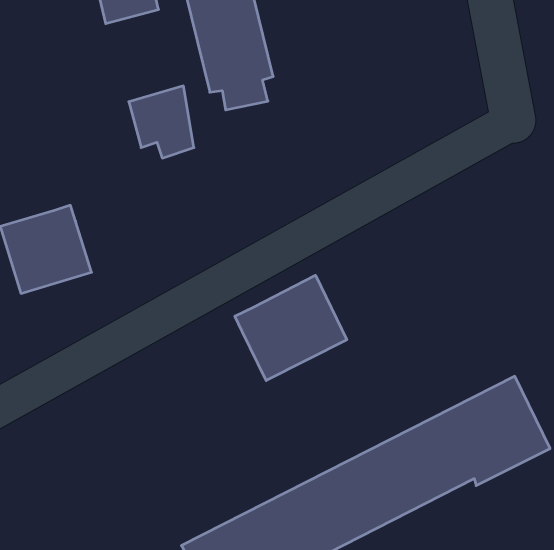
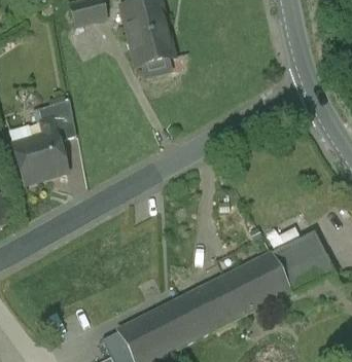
building: [129,86,194,158] -> [38,97,76,139]
building: [235,275,347,381] -> none

